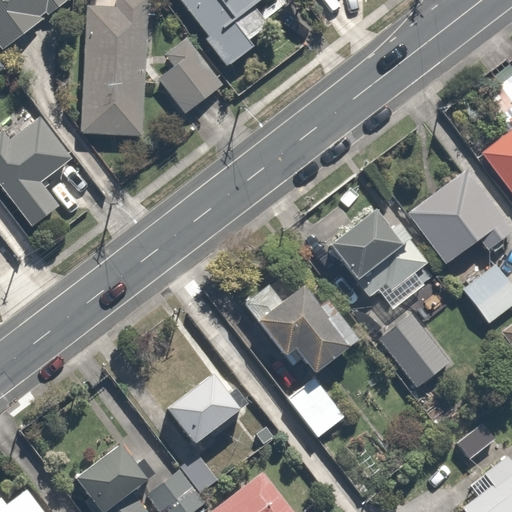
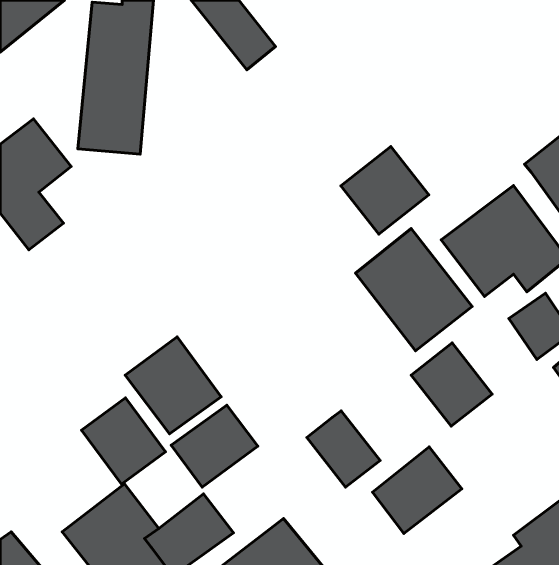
building: [158,49,226,116] -> none
building: none -> [341,147,429,234]
building: [256,276,355,378] -> none
building: none -> [125,337,221,434]
building: none -> [82,398,165,484]
building: none -> [372,447,462,534]

